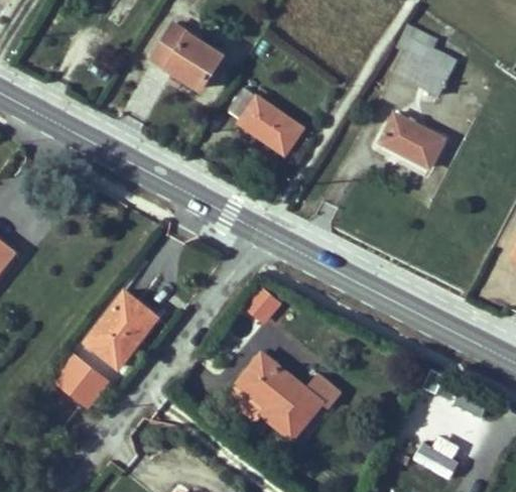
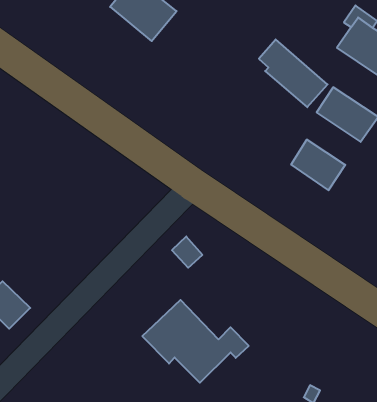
building: [229,88,303,154] -> [259,39,328,107]
building: none -> [291,139,345,190]
building: [86,291,154,366] -> none

